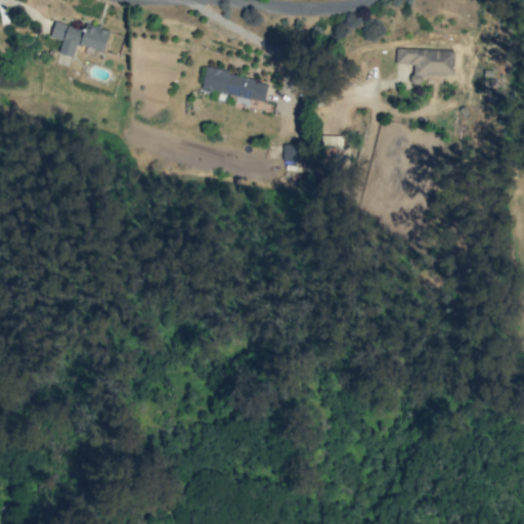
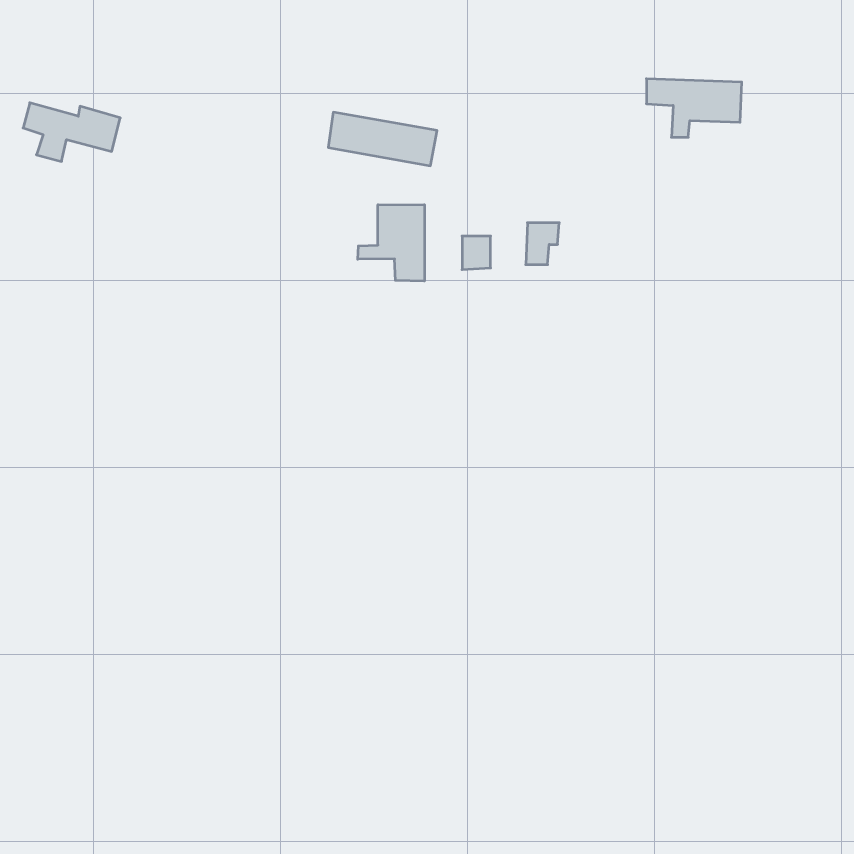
building: [50,23,110,58] -> [23,103,120,161]
building: none -> [358,205,424,281]

